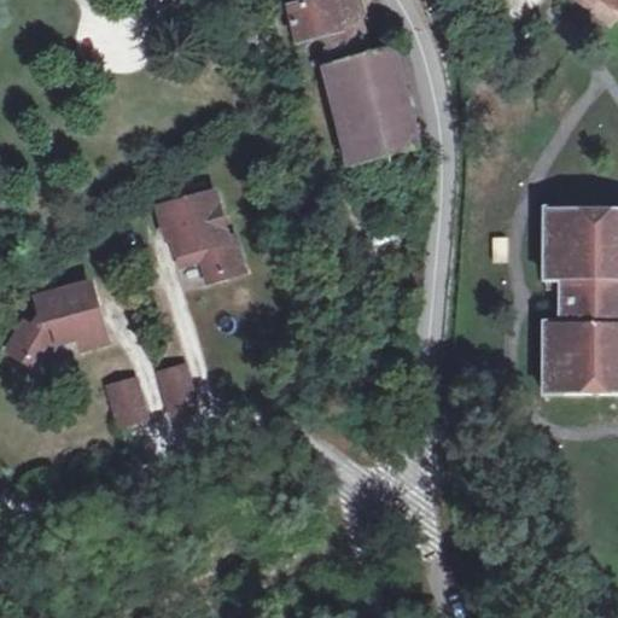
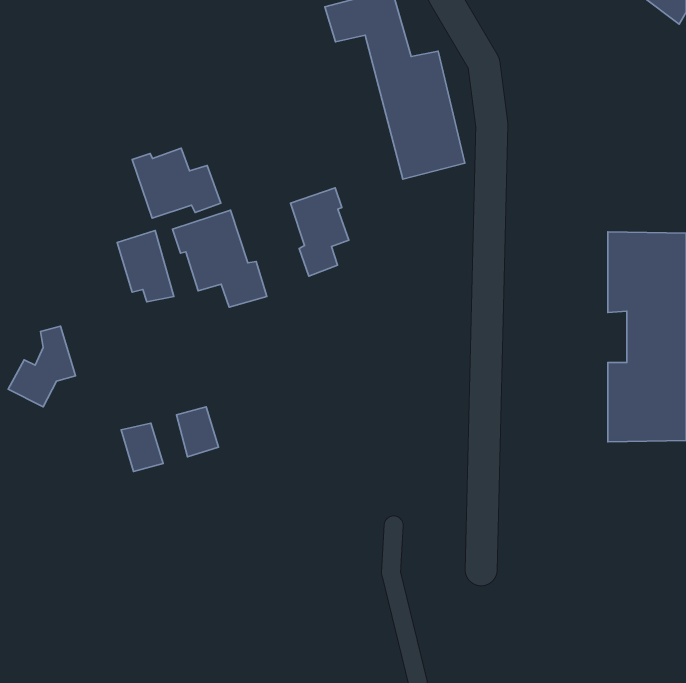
building: none -> [132,148,221,218]
building: none -> [291,188,349,276]
building: [54,281,105,345] -> [117,230,174,302]

